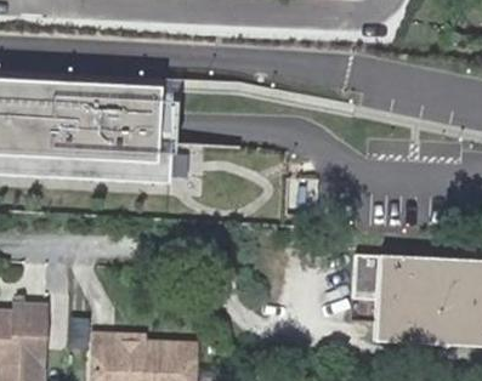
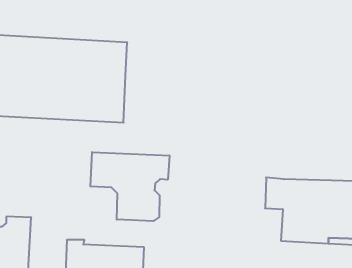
building: none -> [90,152,169,221]

